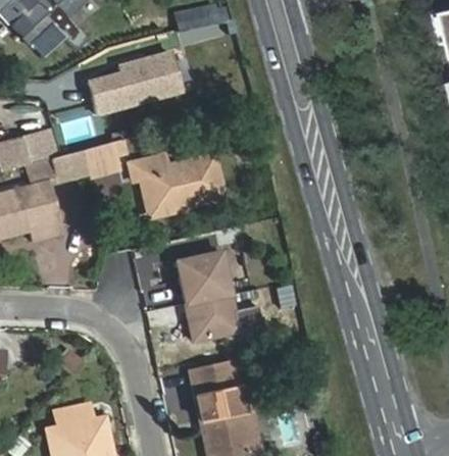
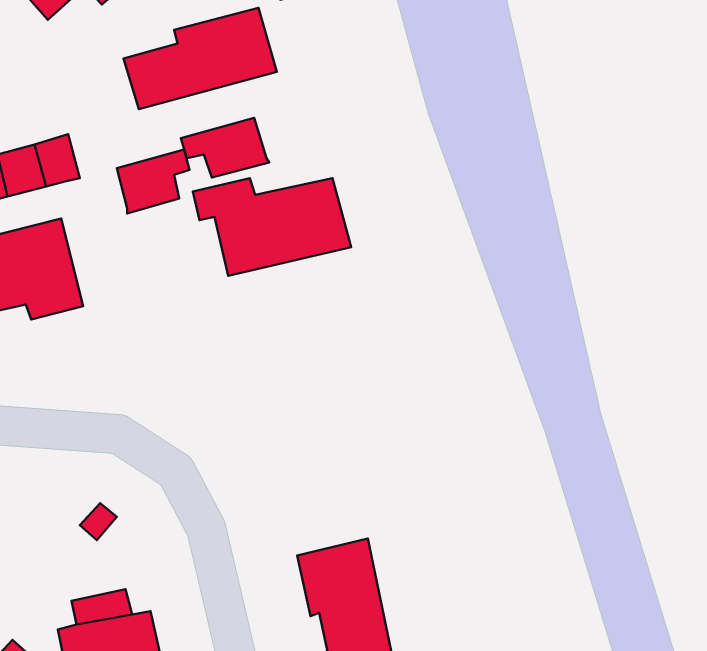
building: none -> [181,118,269,178]
building: [51,149,89,182] -> none
building: [174,252,237,341] -> none

